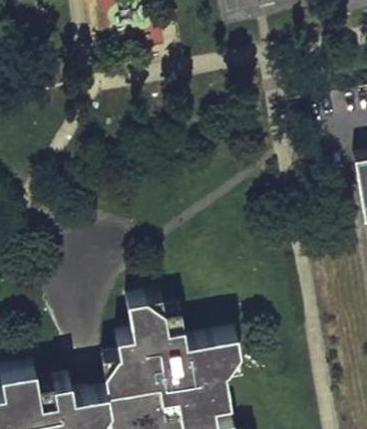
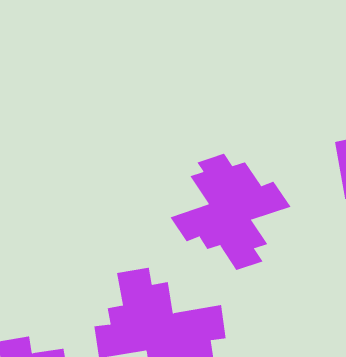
building: none -> [170,153,292,271]

